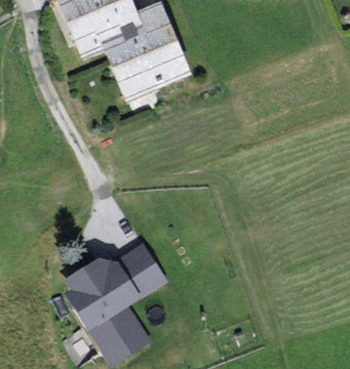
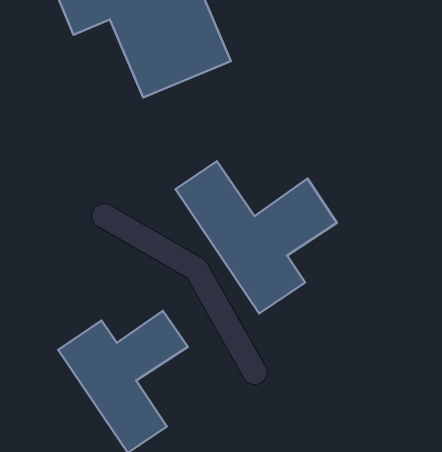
building: none -> [175,161,337,313]

